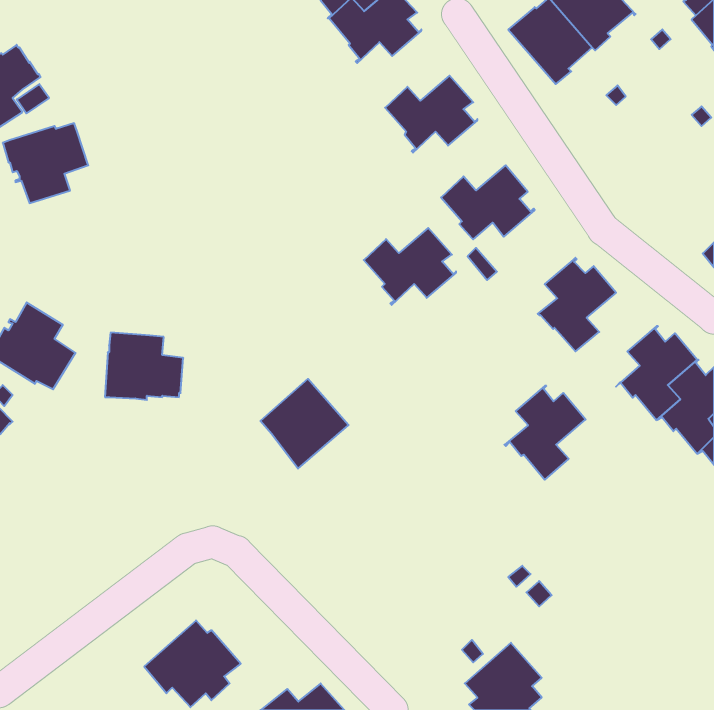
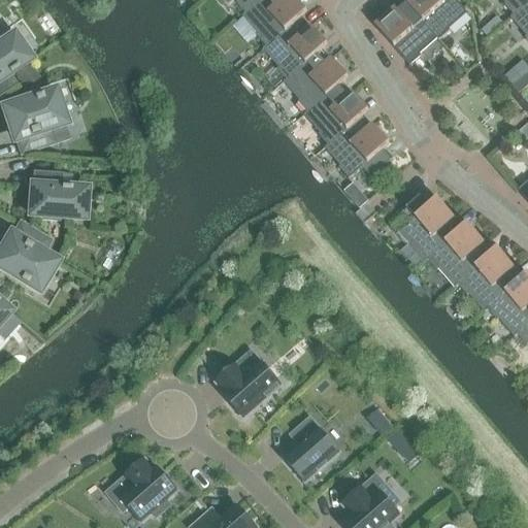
building: none -> [263,23,331,79]
building: [364,228,456,305] -> [304,89,372,145]
building: [105,333,183,400] -> [28,169,86,219]
building: [260,379,349,469] -> [216,350,280,416]
building: [504,386,586,480] -> [424,216,484,285]
building: none -> [284,417,339,481]

